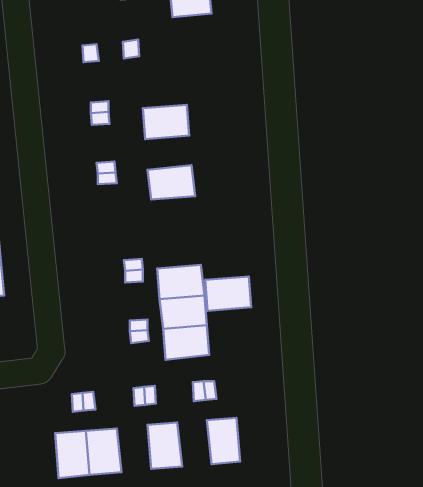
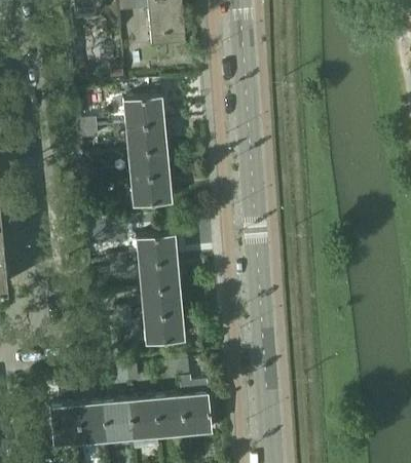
building: none -> [122,99,163,127]
building: none -> [127,151,167,181]
building: [205,276,251,311] -> [136,236,176,266]
building: none -> [155,397,185,437]
building: none -> [103,401,133,442]

